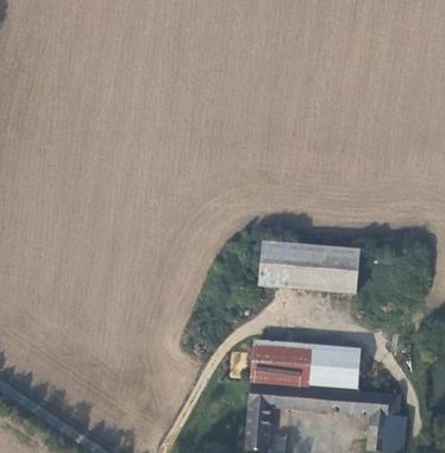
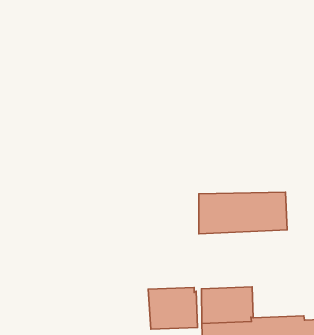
building: none -> [148,287,198,329]
building: [308,348,366,386] -> none

